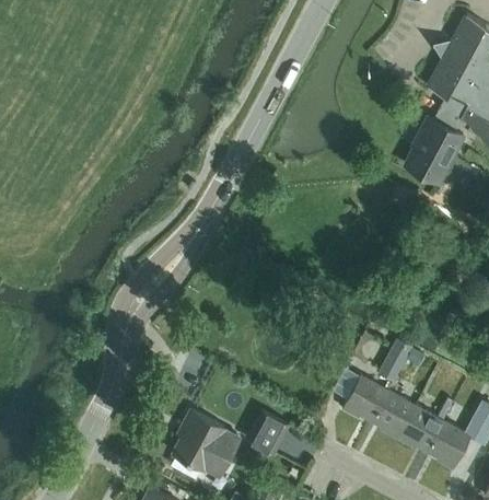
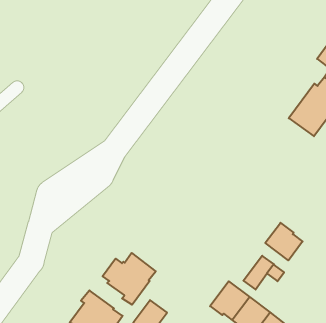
building: none -> [265,223,303,260]
building: none -> [103,253,156,305]

